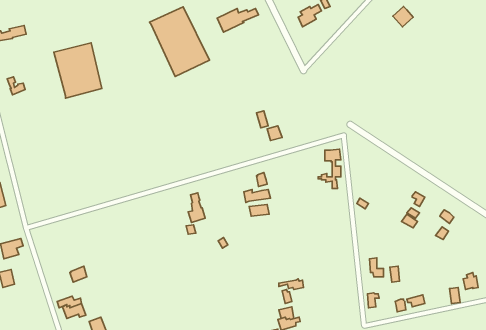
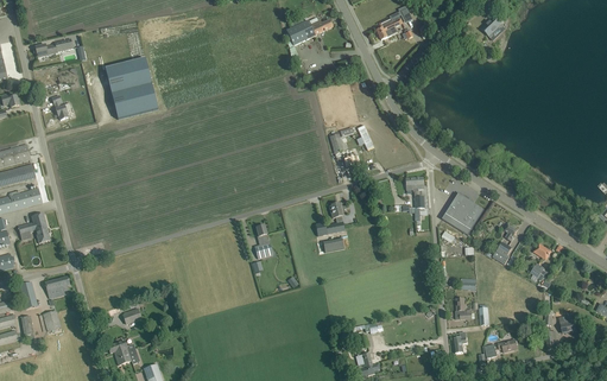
building: [150,7,210,76] -> none
building: none -> [442,191,485,235]

